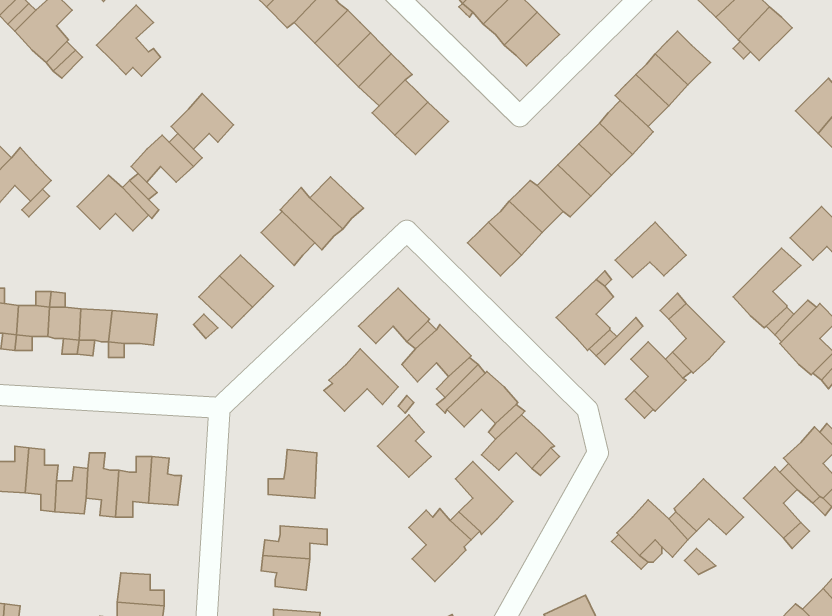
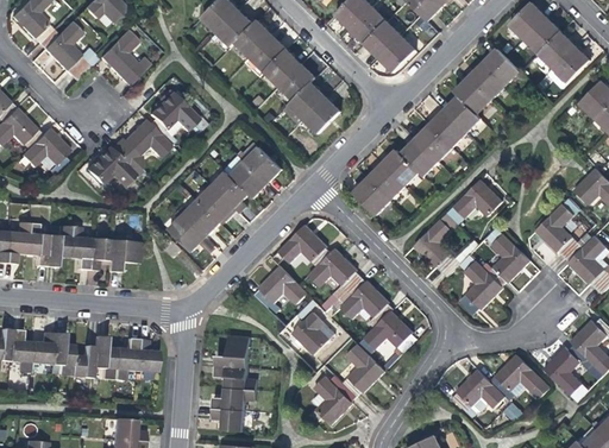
building: none -> [547,45,591,89]
building: none -> [197,185,234,222]
building: none -> [215,365,258,389]

